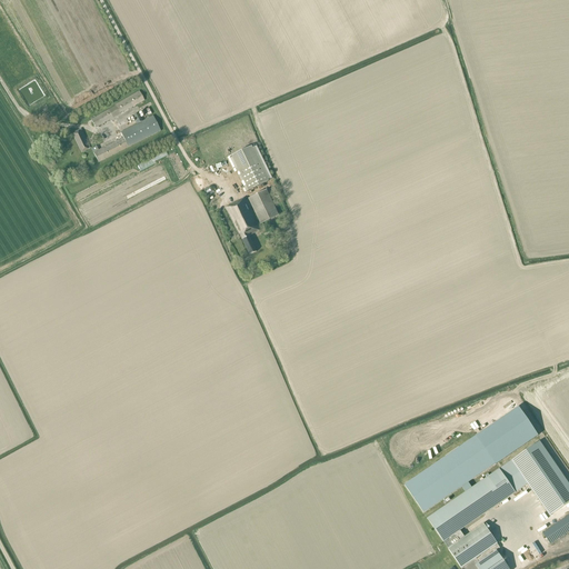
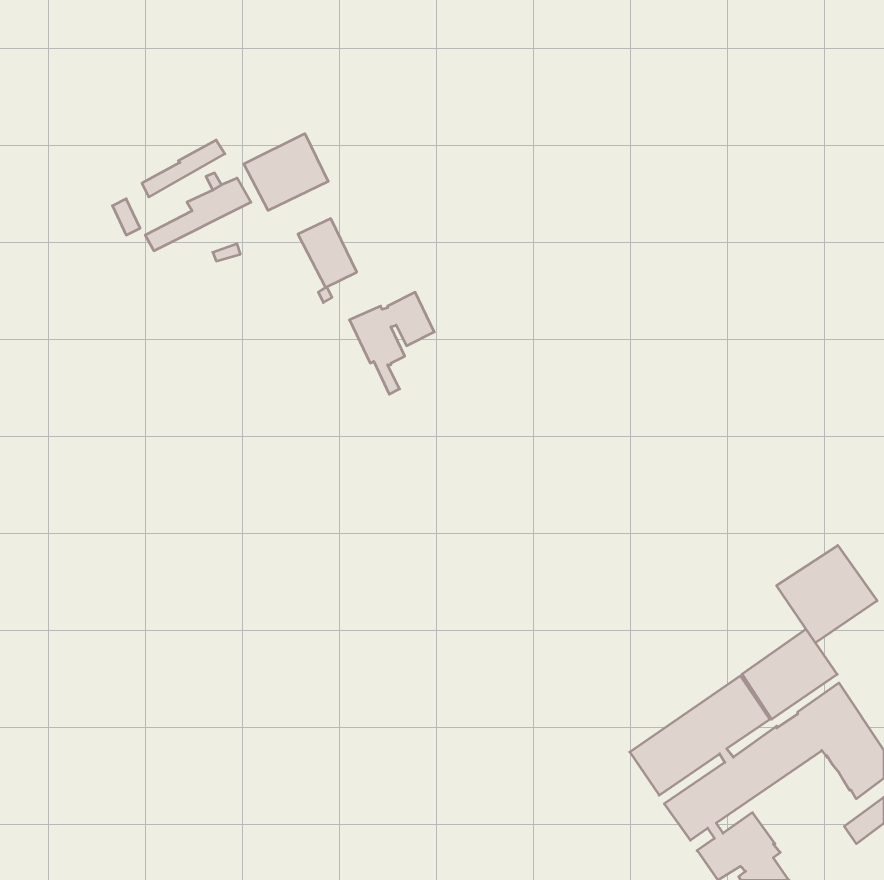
building: none -> [244,134,328,210]
building: [231,144,269,189] -> [298,219,357,288]
building: none -> [777,545,877,643]

